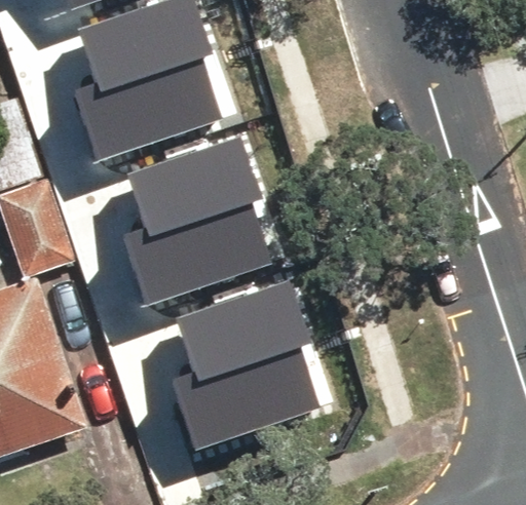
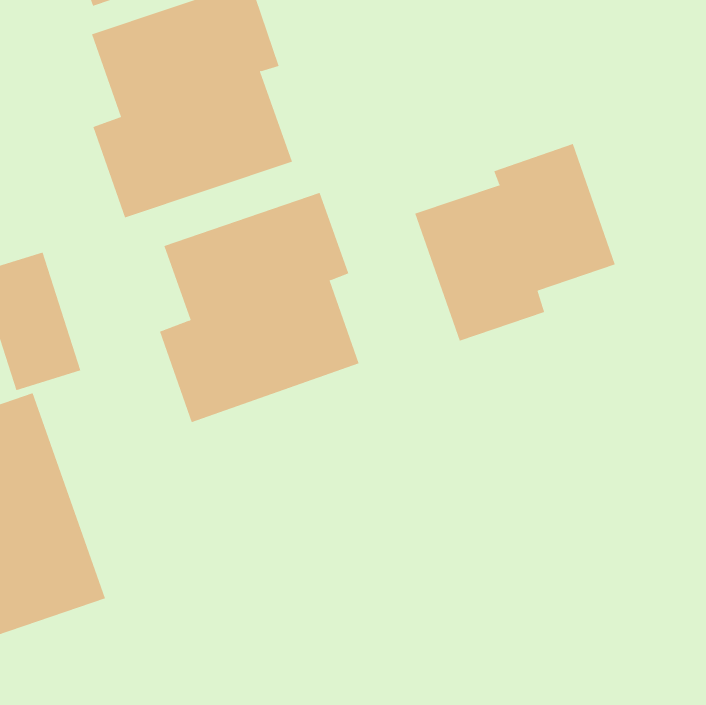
building: none -> [415,143,616,342]
building: [173,279,316,449] -> none

